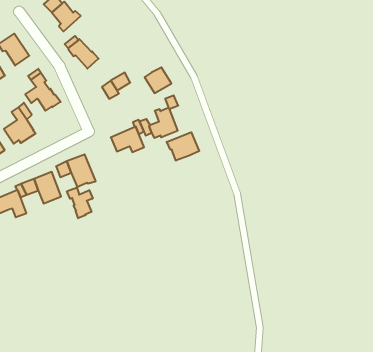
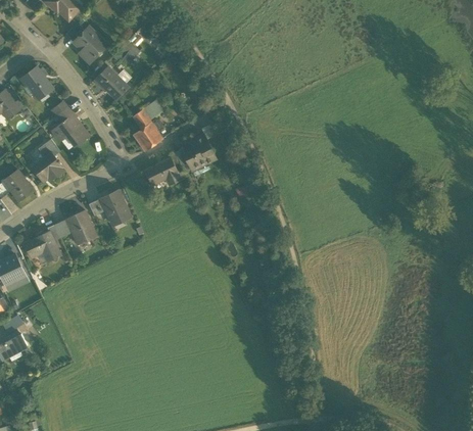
building: [145,67,171,93] -> [133,124,161,151]
building: [167,132,199,161] -> none
building: [67,188,93,218] -> none

